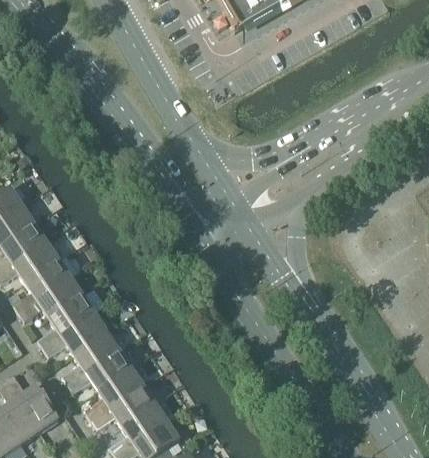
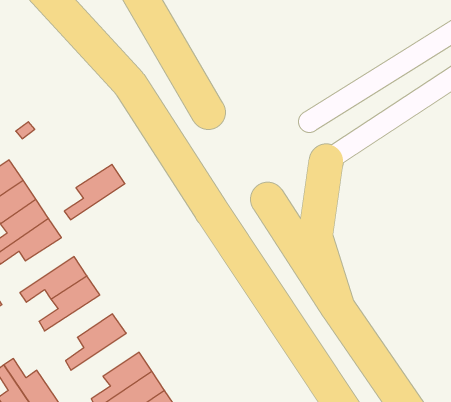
building: [15,259,72,311] -> [64,164,125,220]
building: [44,313,108,355] -> none
building: [69,349,133,392] -> none

